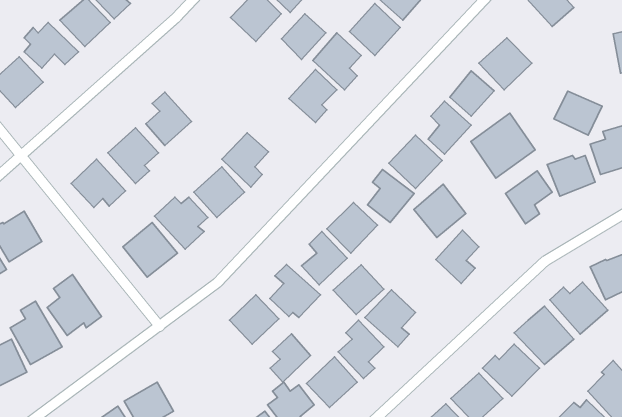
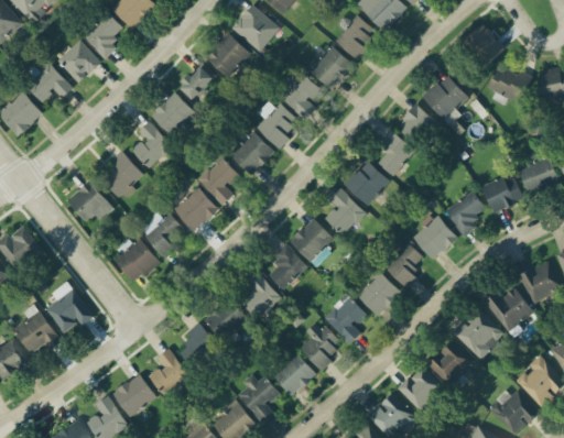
building: [282,14,326,59] -> none
building: none -> [180,63,217,100]
building: none -> [151,91,194,135]
building: [554,91,602,135] -> [487,65,529,103]
building: none -> [230,131,274,176]
building: [471,113,535,178] -> none
building: [414,184,466,237] -> [412,213,457,260]
building: [333,265,384,314] -> [357,272,401,315]
building: [270,334,311,382] -> [180,322,215,364]
building: none -> [150,348,189,395]

